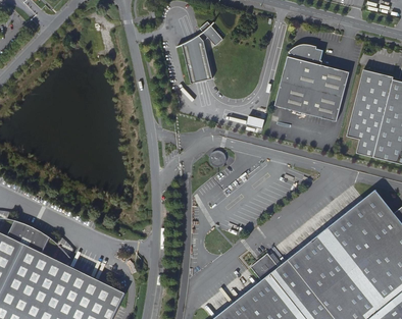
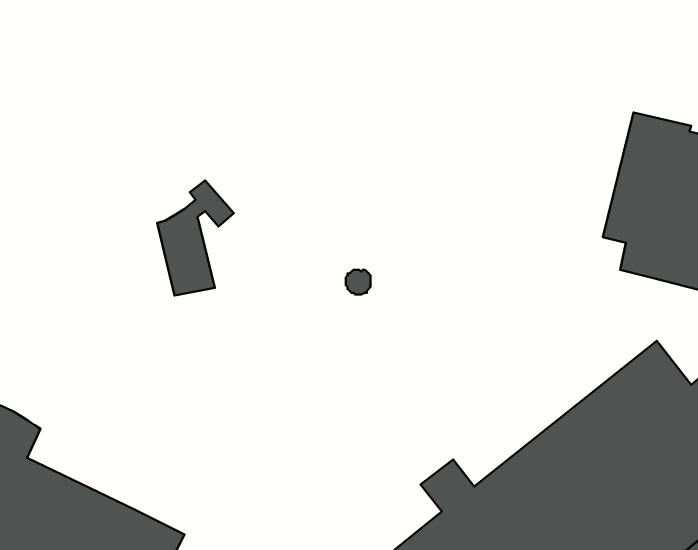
building: [182,20,222,82] -> [157,181,234,296]
building: [274,44,349,120] -> none

